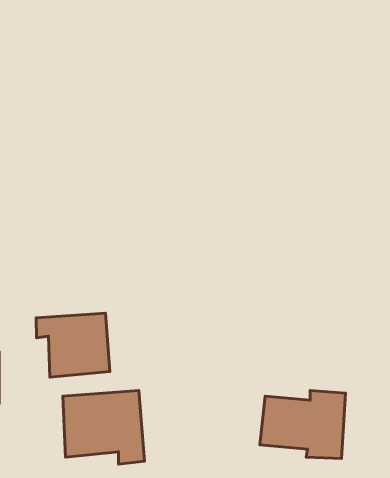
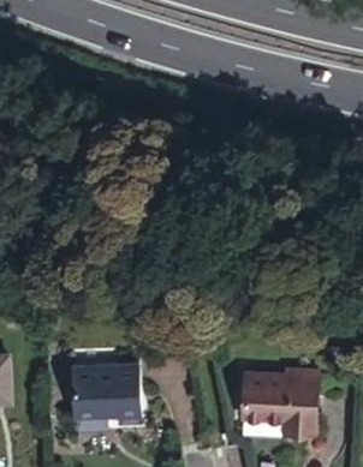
building: [36,313,110,377] -> none

